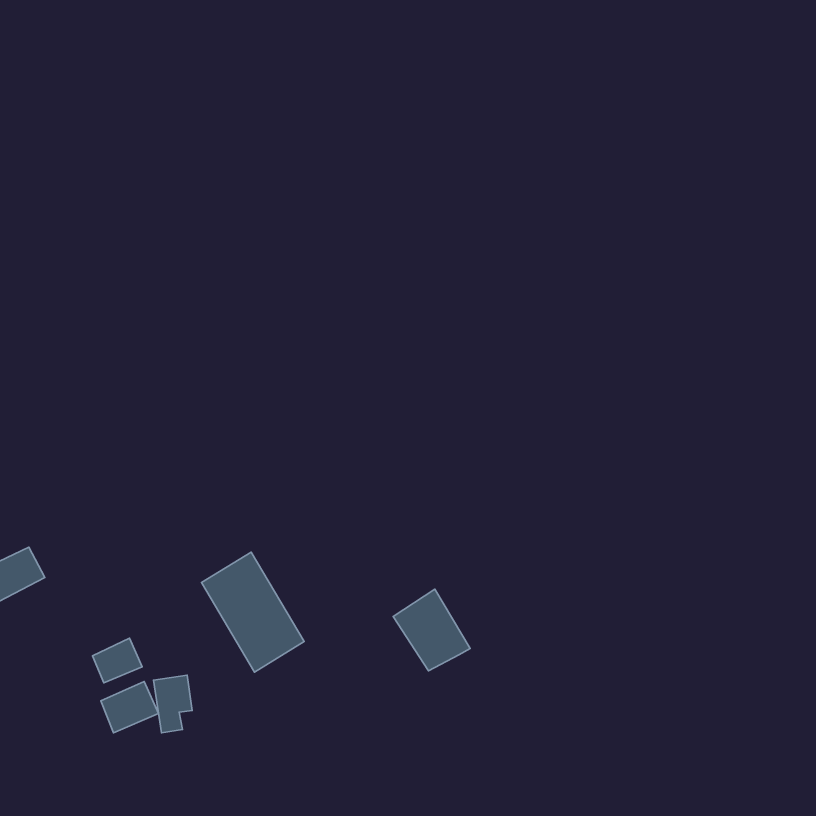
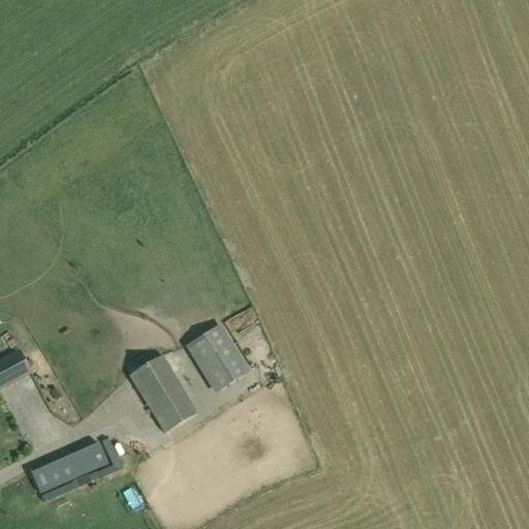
building: [393,589,470,671] -> [194,336,244,388]
building: [93,638,142,683] -> [40,456,72,485]

